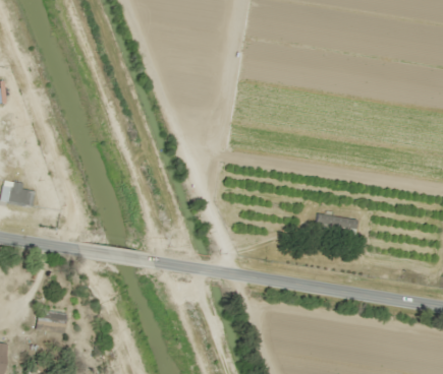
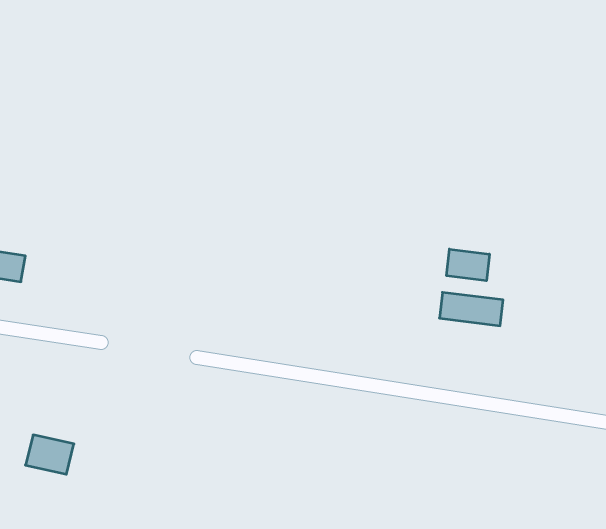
building: none -> [447,249,489,281]

